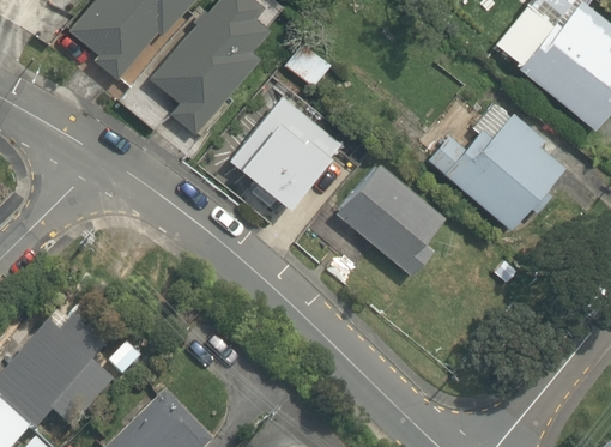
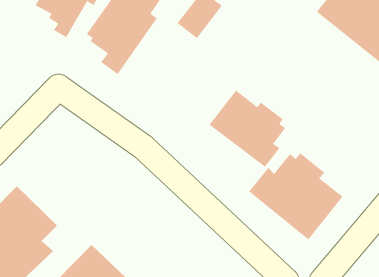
building: [230,92,347,206] -> none
building: [444,102,573,230] -> none
building: none -> [248,153,344,241]

